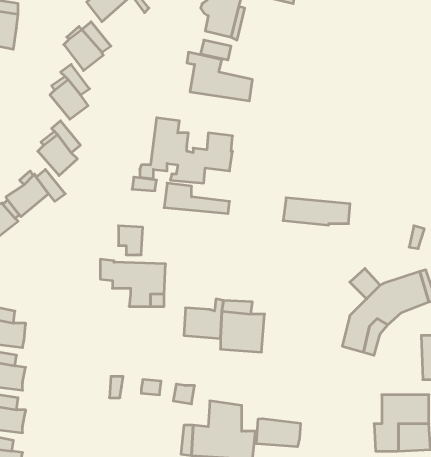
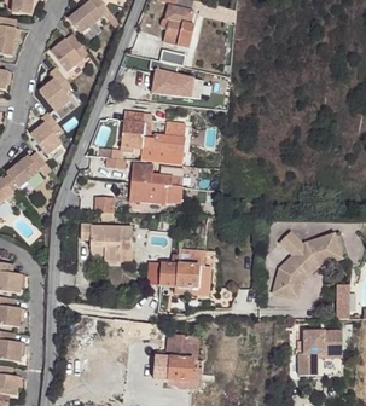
building: [283,198,350,225] -> [128,181,181,203]
building: [256,419,300,447] -> none

